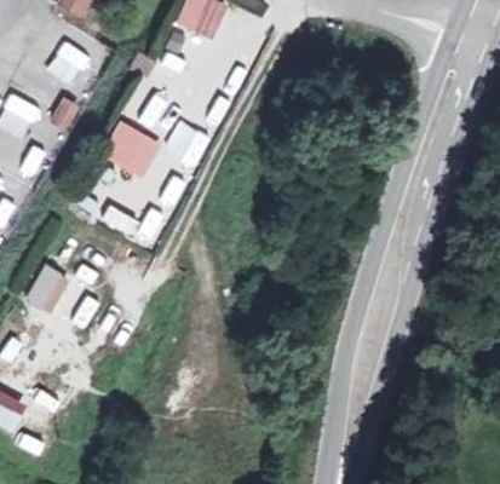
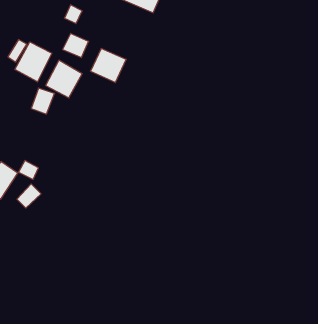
building: none -> [15,42,52,82]

